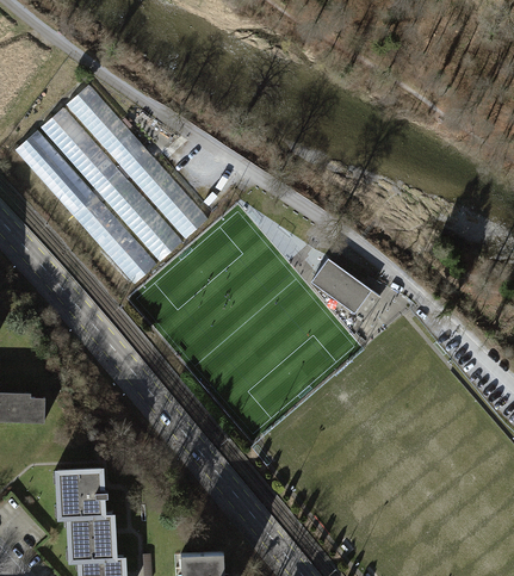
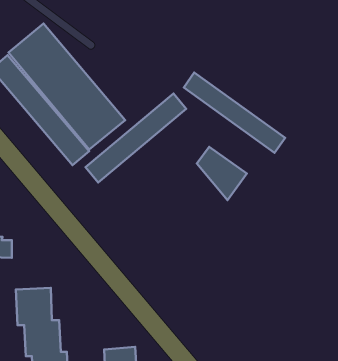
building: none -> [184,73,285,153]
building: none -> [86,94,186,182]

